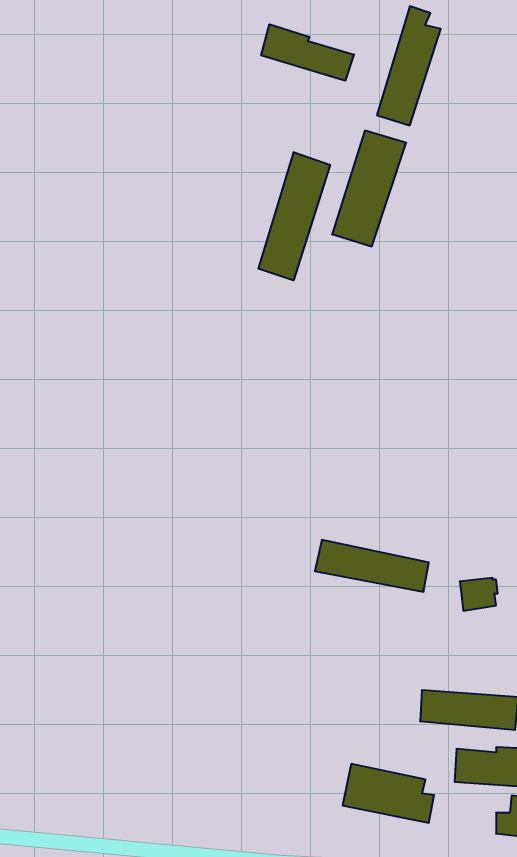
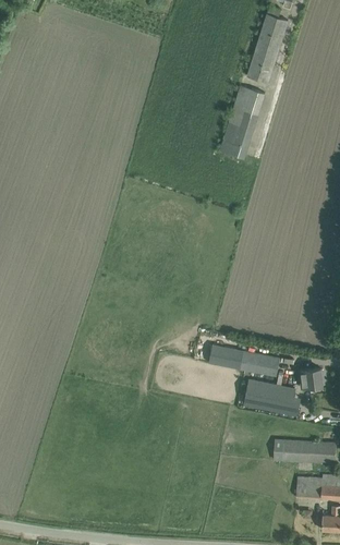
building: [261,24,354,81] -> none
building: [258,152,330,280] -> none
building: [343,764,434,823] -> [242,378,300,415]

